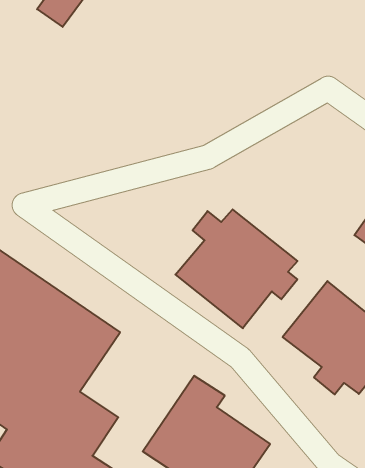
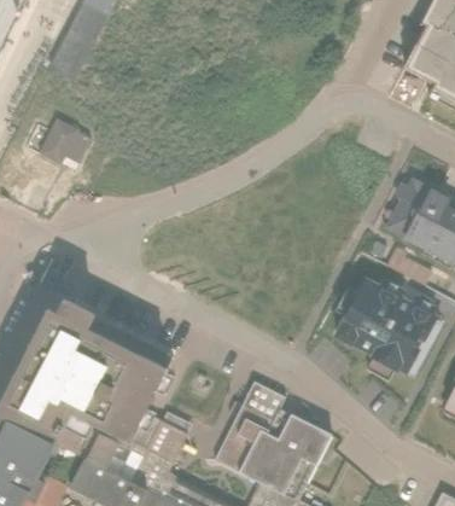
building: none -> [40,120,93,165]
building: [175,209,297,328] -> none

